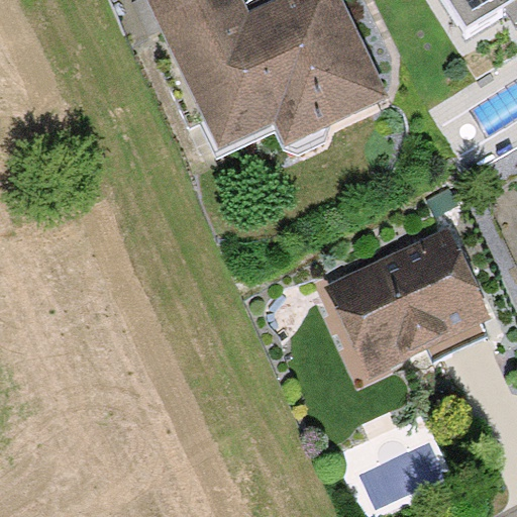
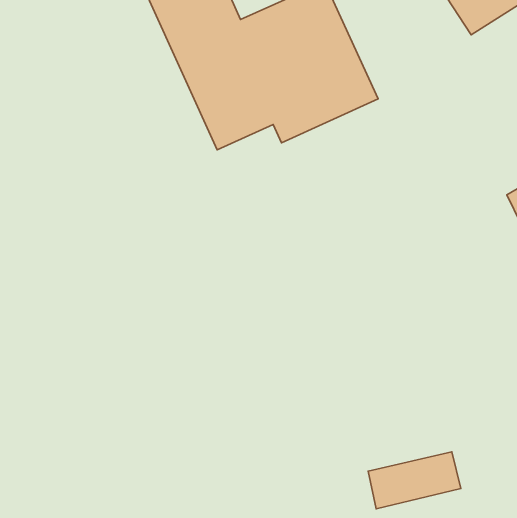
building: [329,237,480,373] -> none

